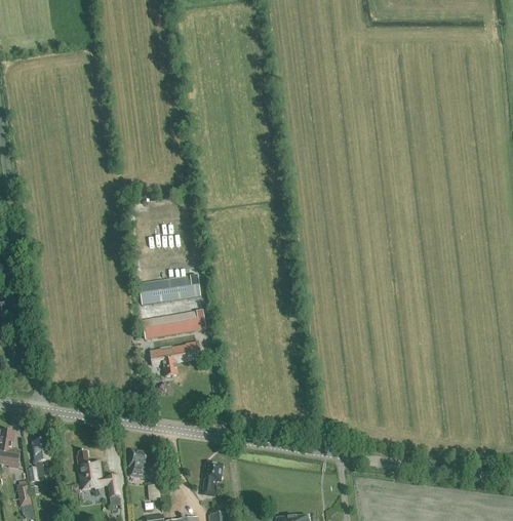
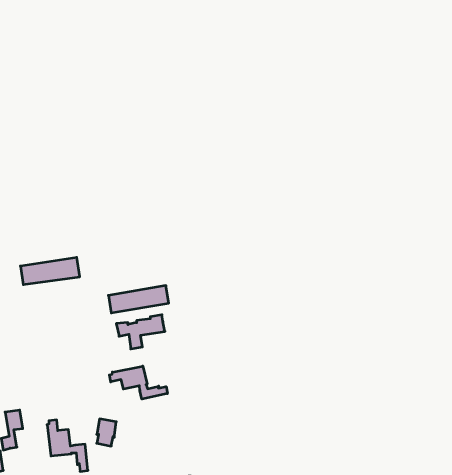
building: [136,275,199,304] -> [20,257,80,285]
building: none -> [109,366,167,399]
building: [201,463,222,492] -> none

